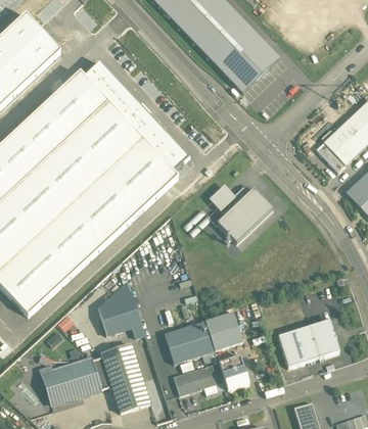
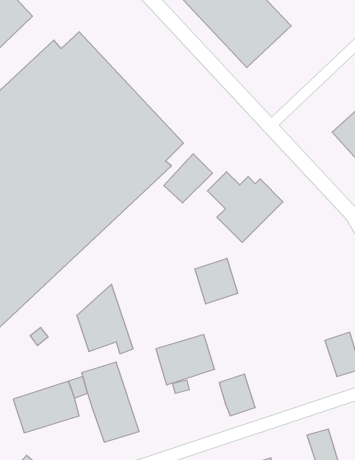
building: none -> [164,154,212,203]
building: [205,312,242,350] -> [195,258,238,304]
building: [278,326,319,367] -> none
building: [174,363,224,395] -> none

